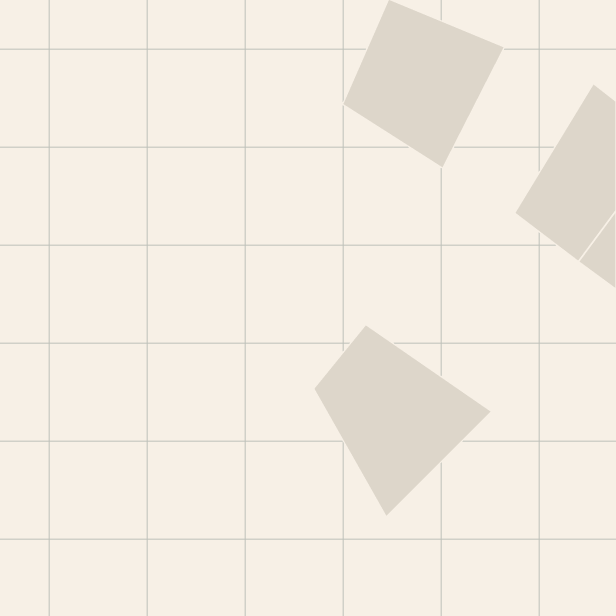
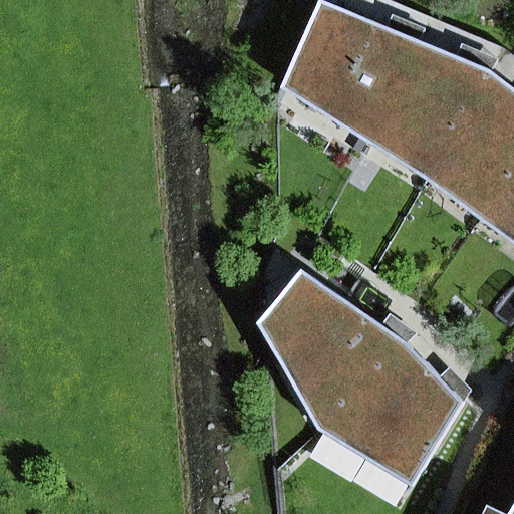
building: none -> [367,39,492,177]
building: none -> [320,341,465,485]

